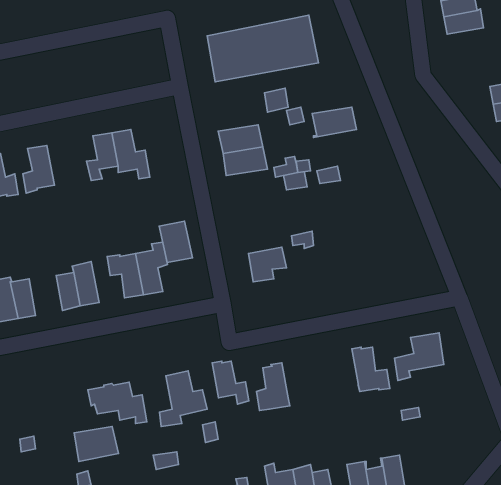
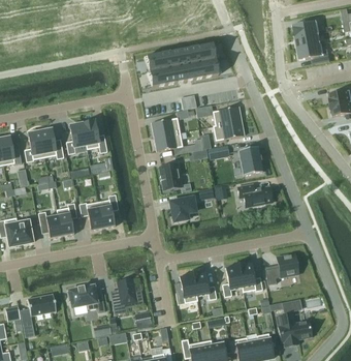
building: none -> [213,120,244,140]
building: none -> [39,127,63,158]
building: none -> [238,146,262,174]
building: [159,221,193,263] -> [159,162,181,189]
building: none -> [236,183,272,206]
building: none -> [222,263,242,296]
building: [212,361,249,404] -> [192,271,216,299]
building: none -> [277,311,312,345]
building: [74,427,119,461] -> [27,293,56,315]

